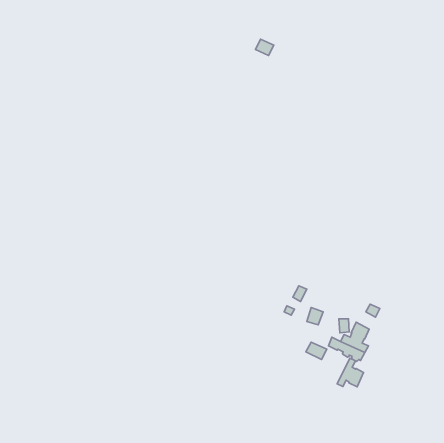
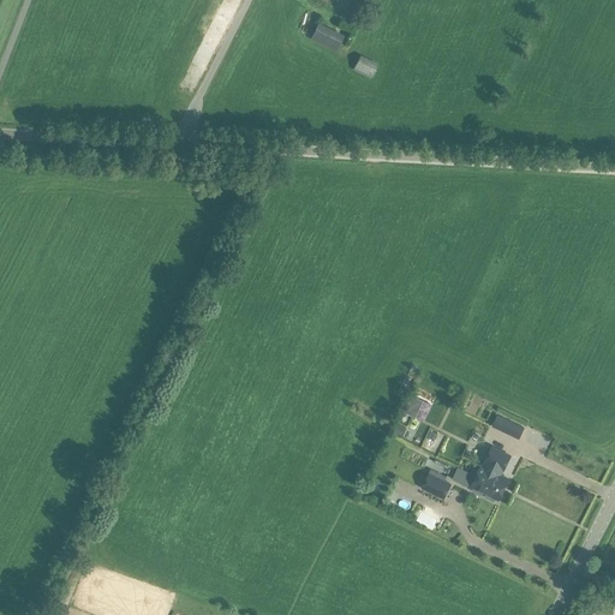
building: none -> [311,22,345,50]
building: [337,358,364,387] -> none

